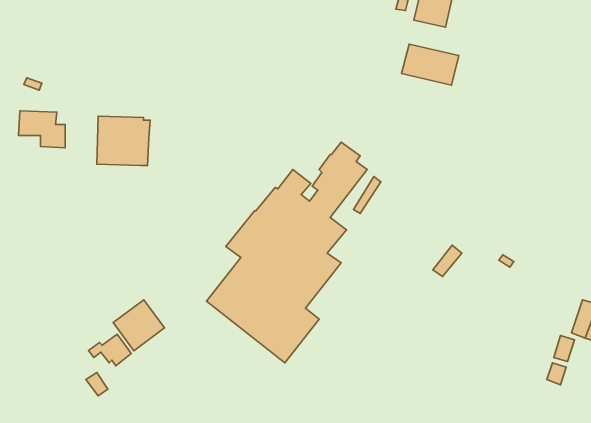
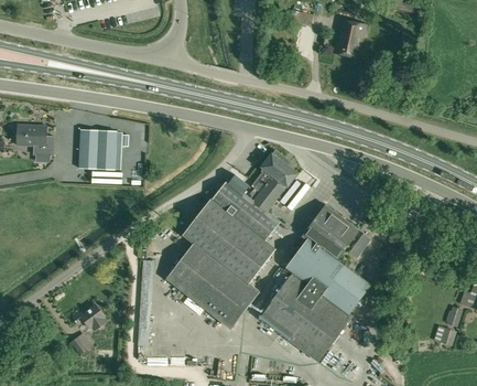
building: [402,44,459,85] -> none
building: none -> [258,203,371,362]
building: [113,300,164,351] -> none

